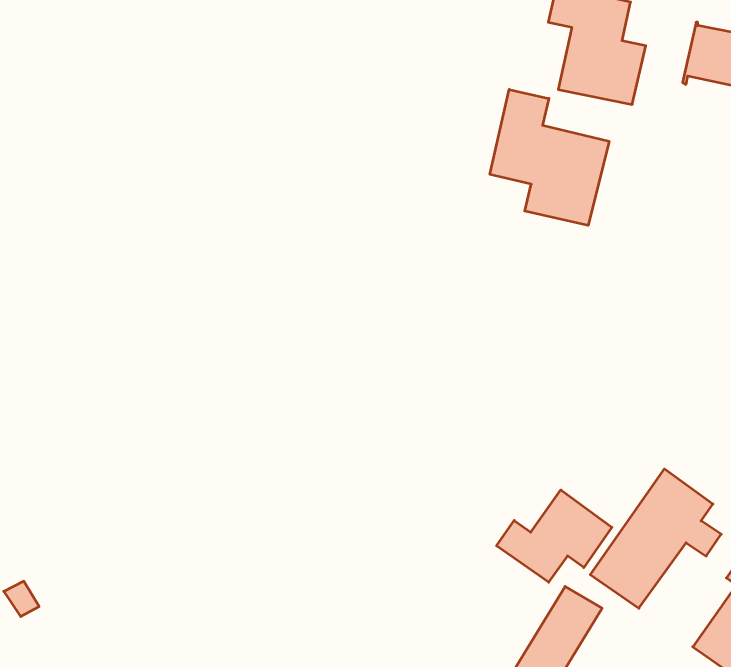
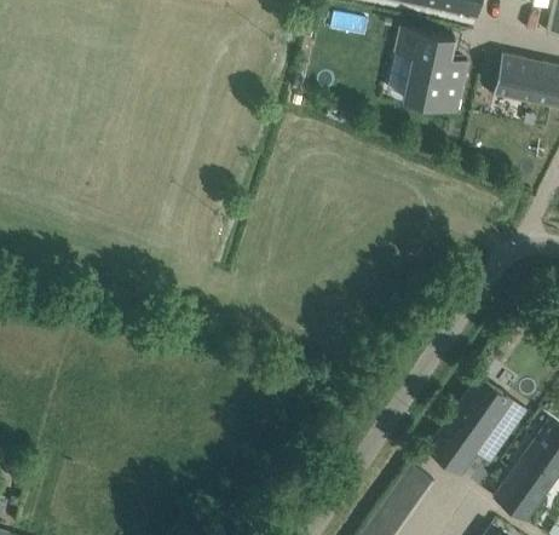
building: [490,89,609,225] -> none
building: [497,490,612,582] -> none

